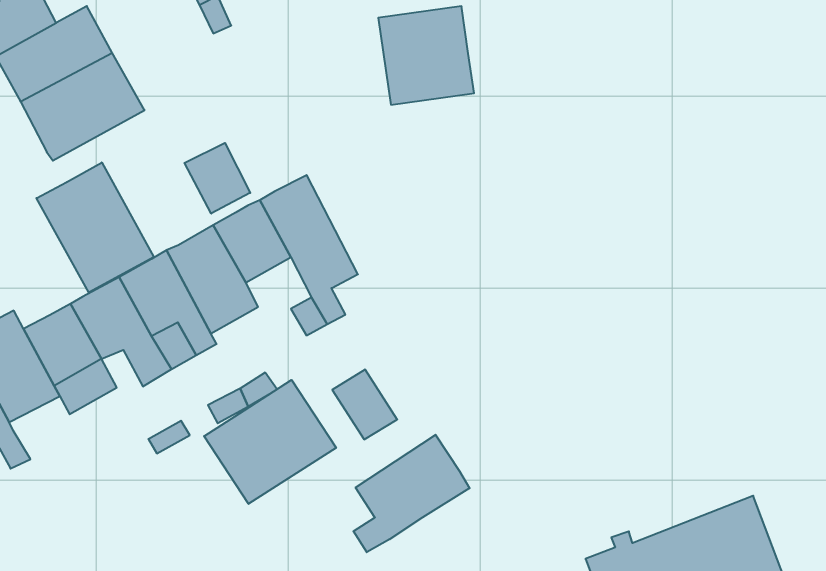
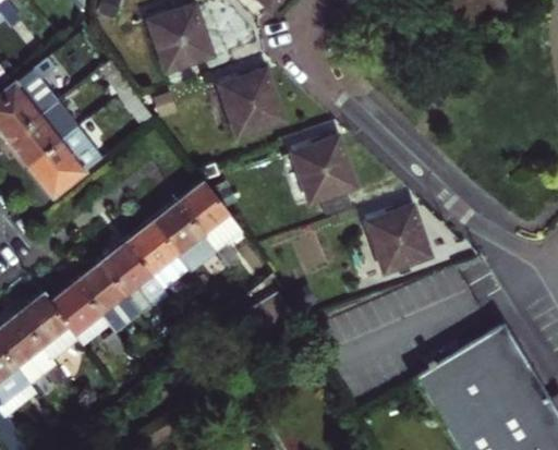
building: none -> [293,135,356,198]
building: [184,143,250,214] -> none
building: [36,162,154,293] -> none
building: none -> [369,205,433,269]
building: [204,380,336,504] -> none
building: [353,435,470,552] -> none

